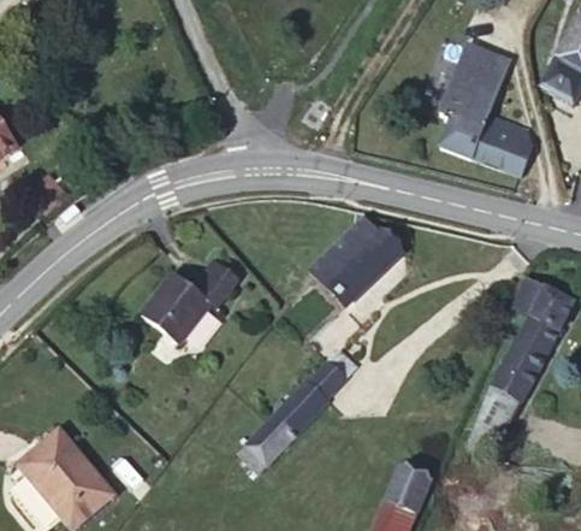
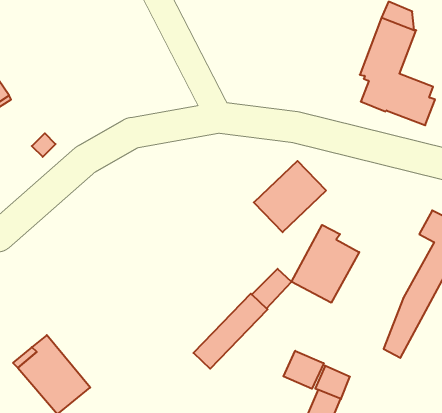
building: [142,256,239,343] -> none
building: none -> [291,225,359,303]
building: none -> [283,351,324,389]

